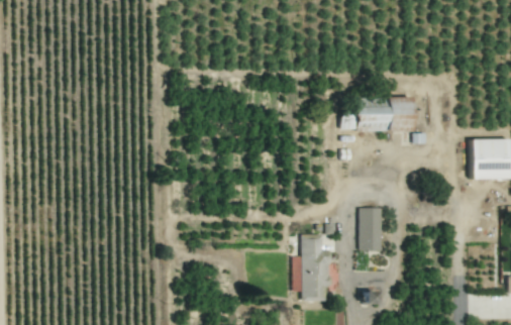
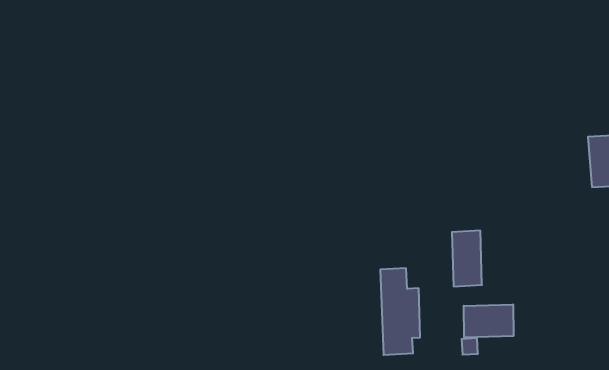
building: [340,97,411,131] -> none
building: none -> [464,304,513,337]

